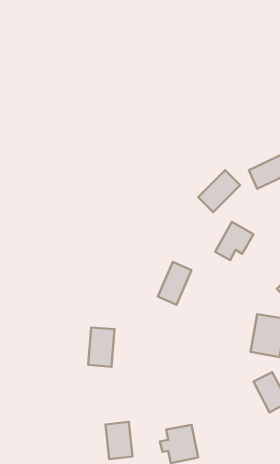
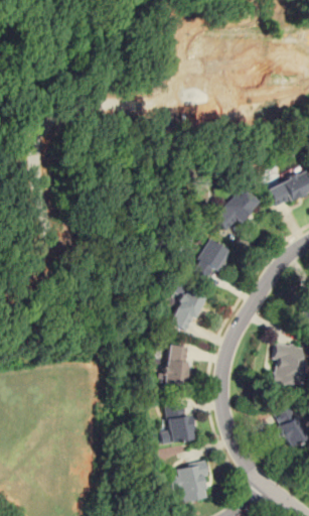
building: [215,222,253,260] -> [191,238,233,279]
building: [88,327,114,367] -> [165,344,193,386]
building: [105,422,133,459] -> [166,402,195,442]

